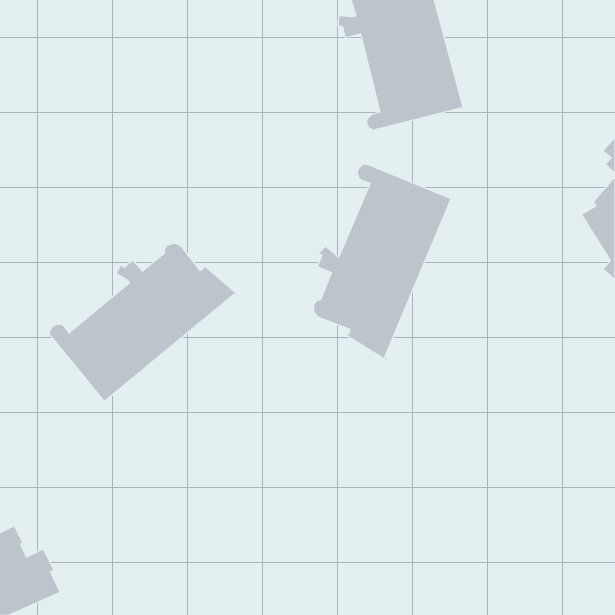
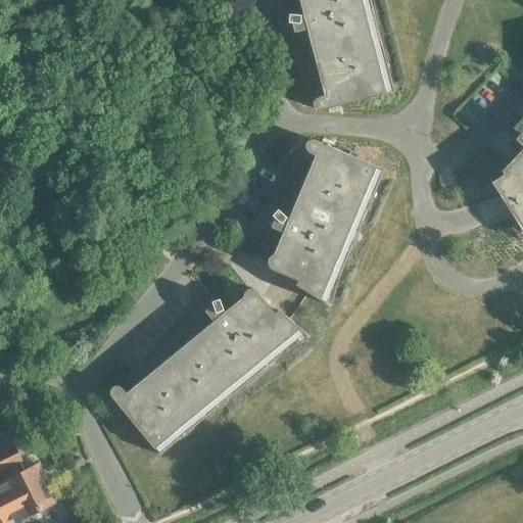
building: [49,243,239,402] -> none
building: none -> [108,288,307,455]

